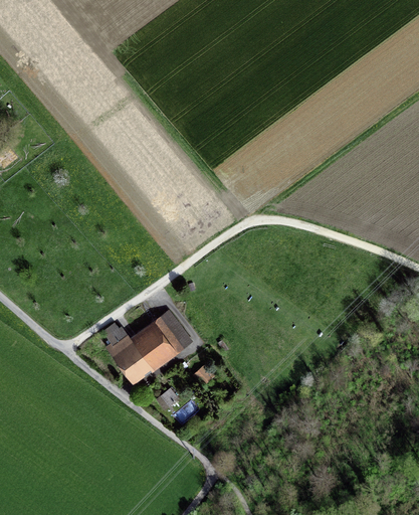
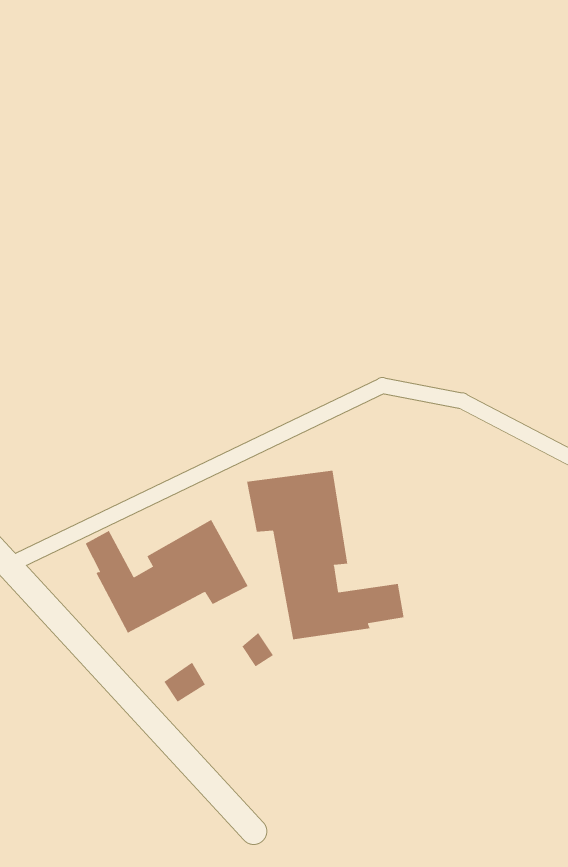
building: none -> [246,470,404,640]

